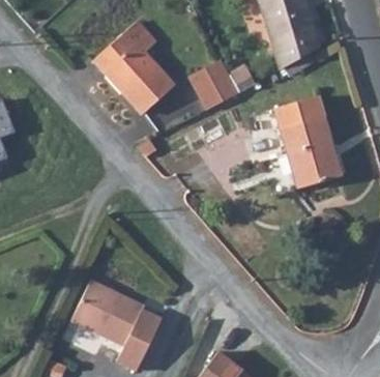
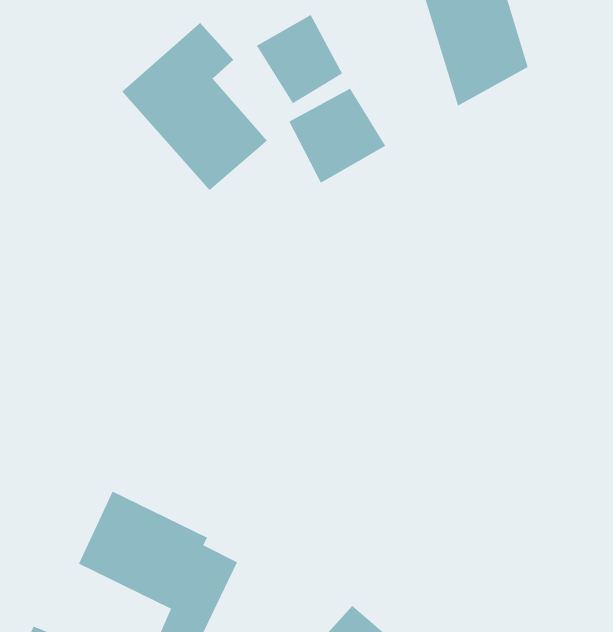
building: none -> [256,14,343,104]
building: [274,93,342,187] -> none

